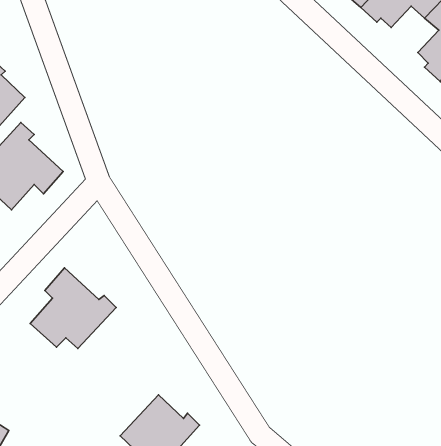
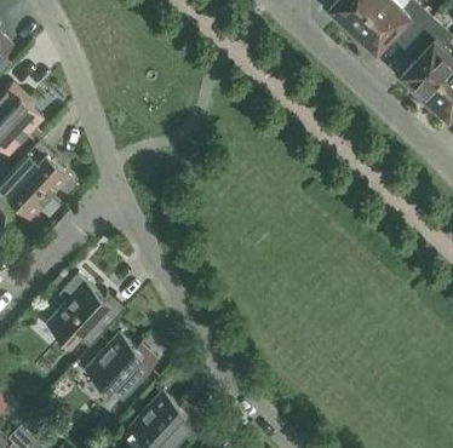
building: none -> [85,333,157,397]

